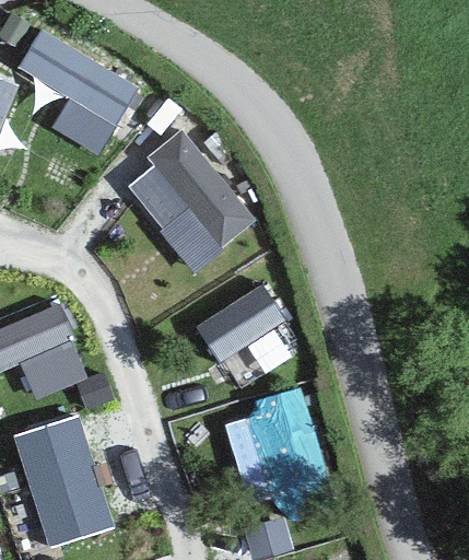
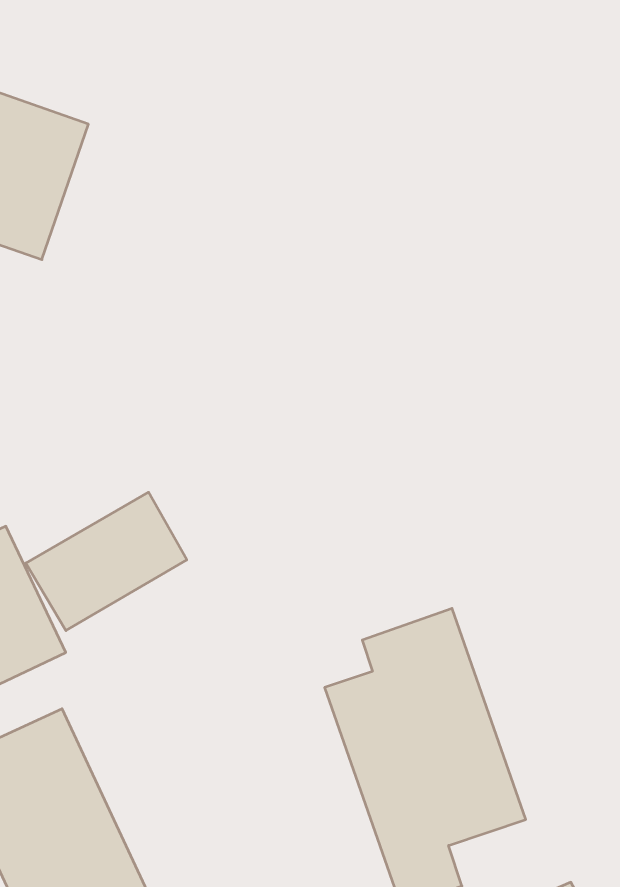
building: [121,133,258,272] -> none
building: [192,287,284,359] -> [26,492,187,631]

